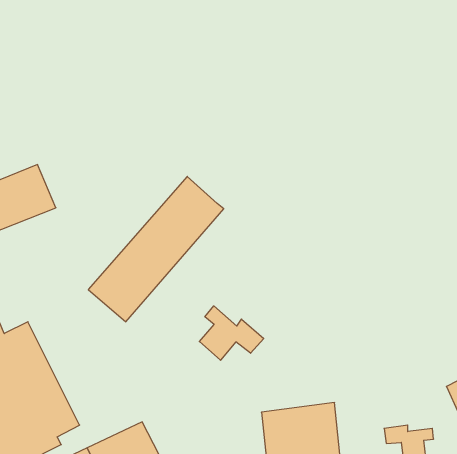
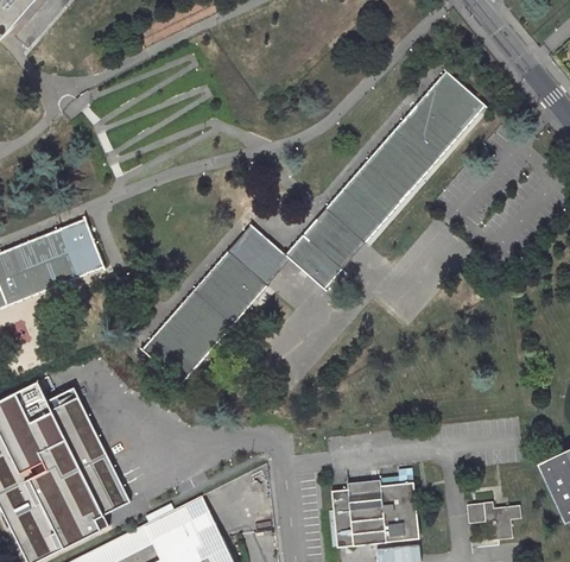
building: none -> [283,72,483,292]
building: [199,306,264,360] -> none

